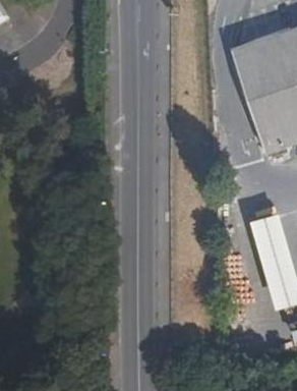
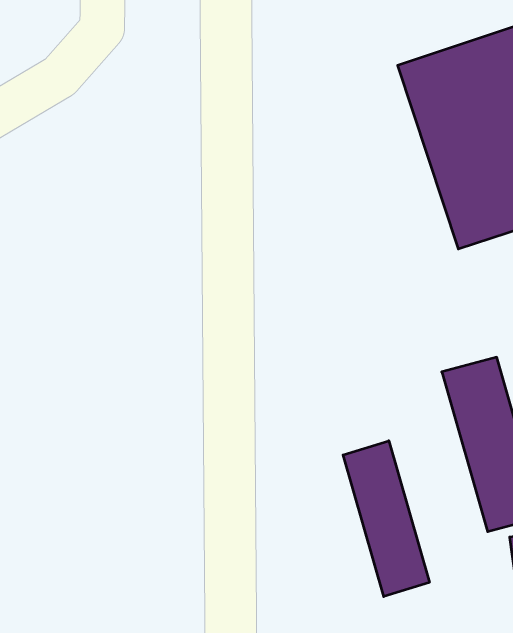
building: none -> [343,441,429,597]

